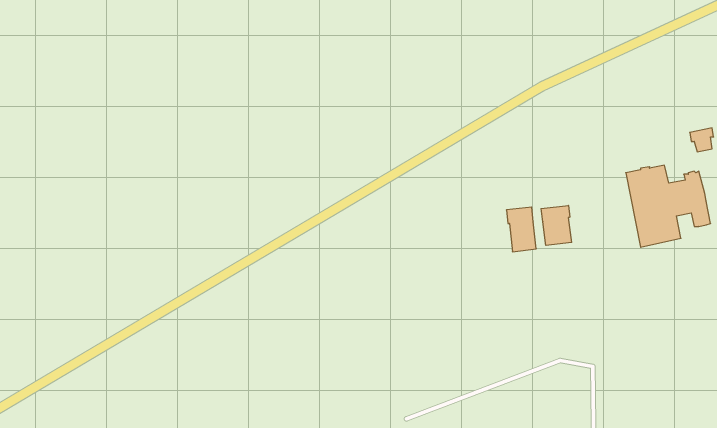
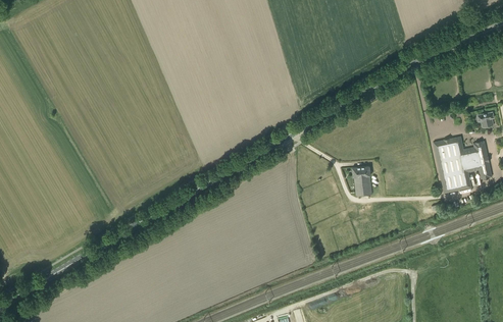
building: [541,205,572,245] -> none

